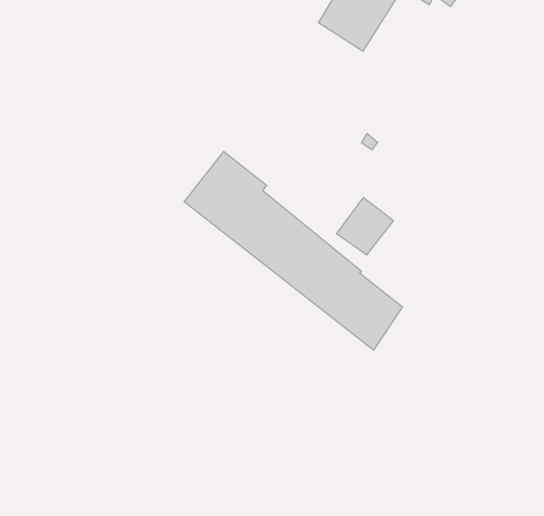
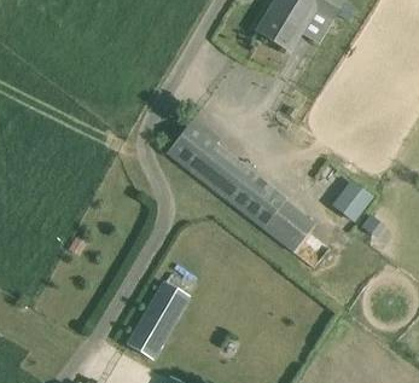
building: [336,198,394,255] -> [333,181,372,220]
building: none -> [127,282,188,358]

